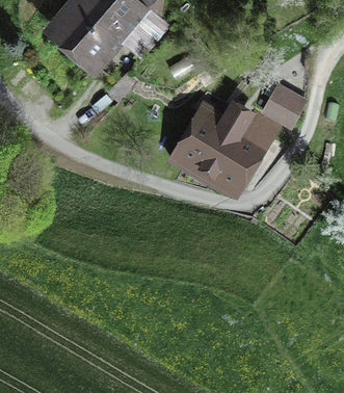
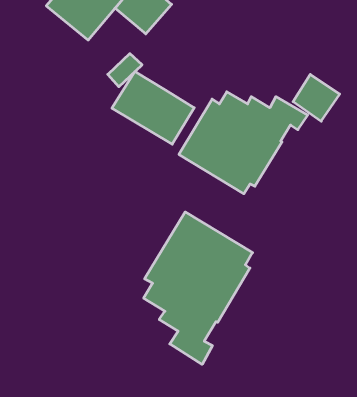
building: none -> [112,72,194,144]
building: none -> [144,212,253,364]

